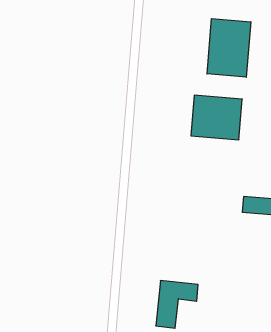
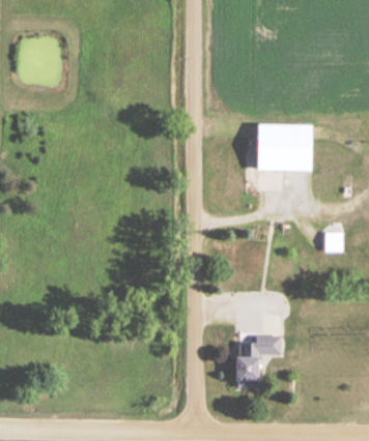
building: [207,19,251,77] -> none

